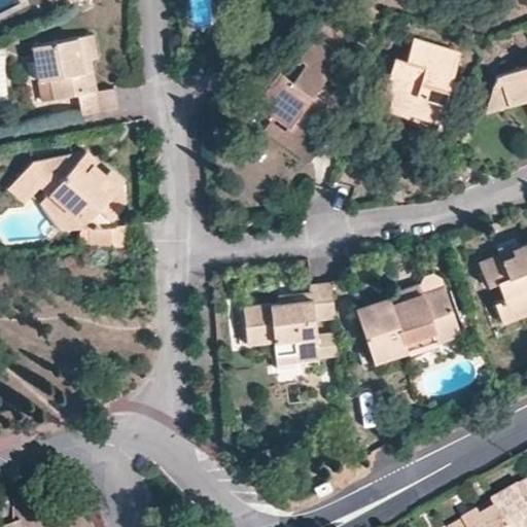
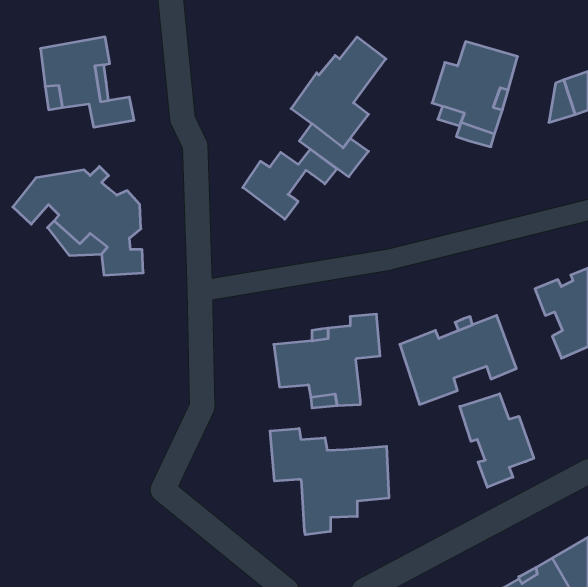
building: none -> [243,149,337,219]
building: none -> [460,394,534,487]
building: none -> [270,428,389,535]

